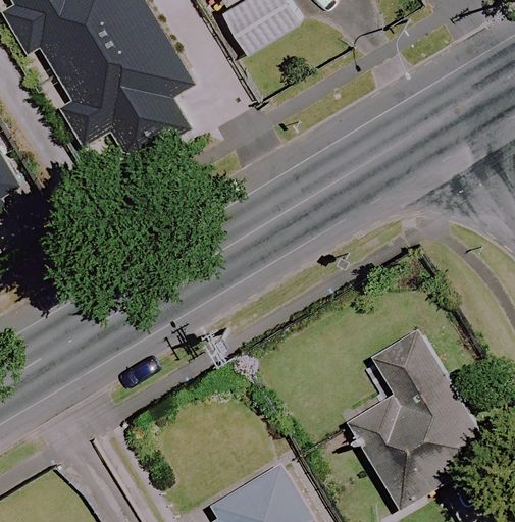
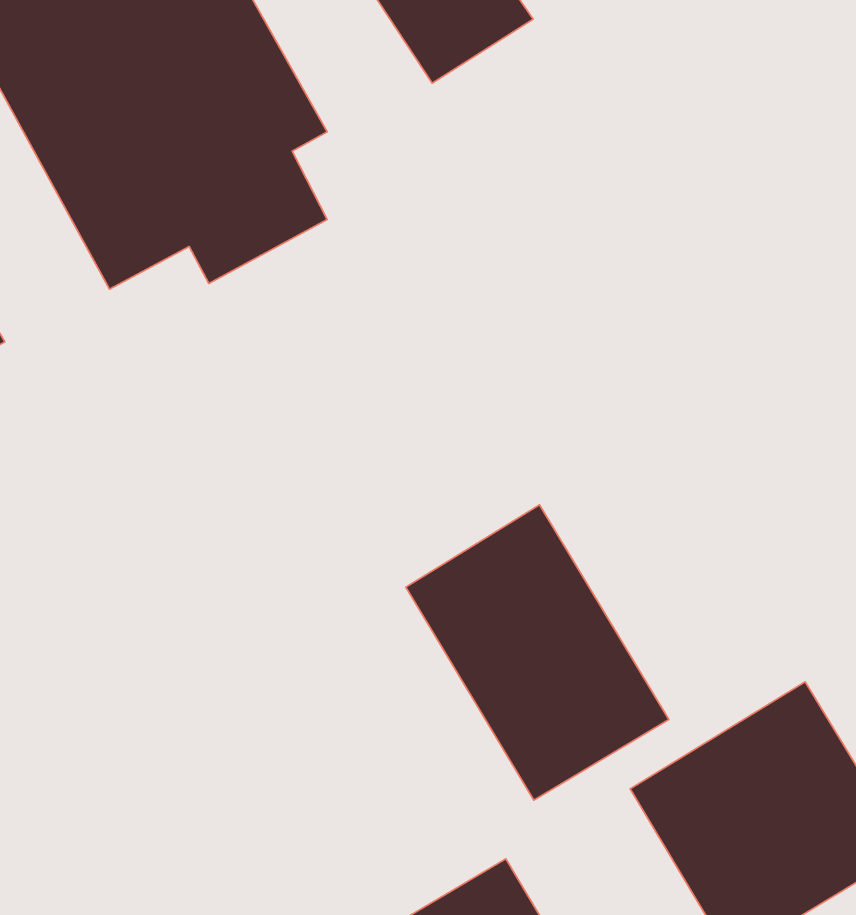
building: none -> [406,505,669,800]

